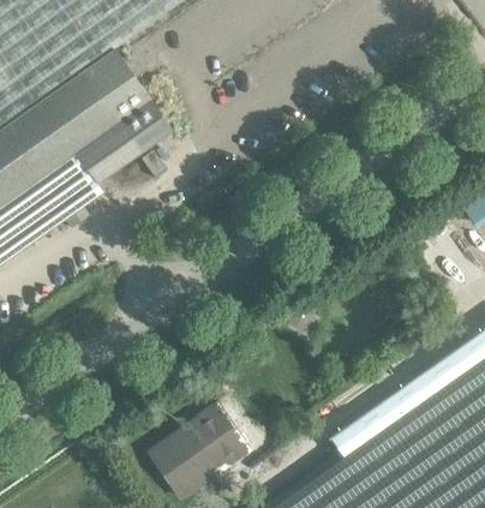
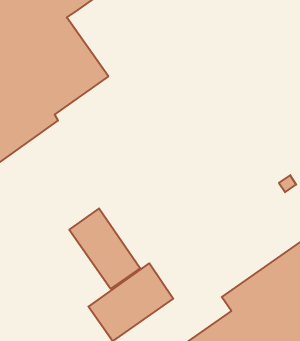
building: none -> [69,208,140,289]

